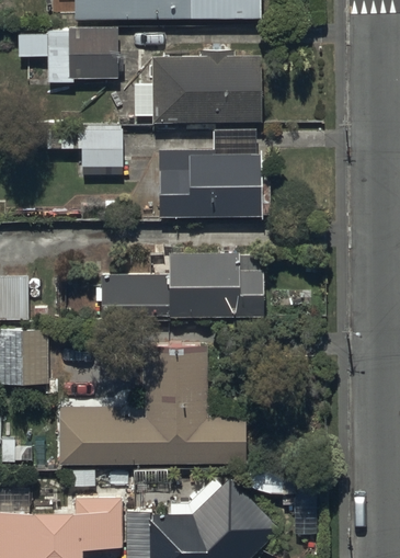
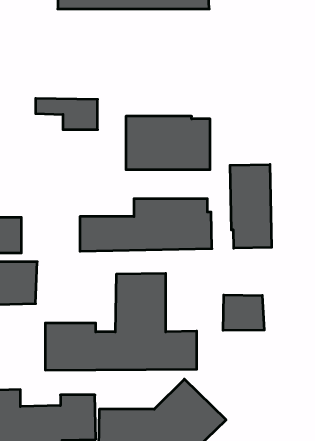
building: [18,27,117,82] -> none
building: [150,50,261,121] -> none
building: none -> [230,164,272,248]
building: none -> [223,295,264,330]

